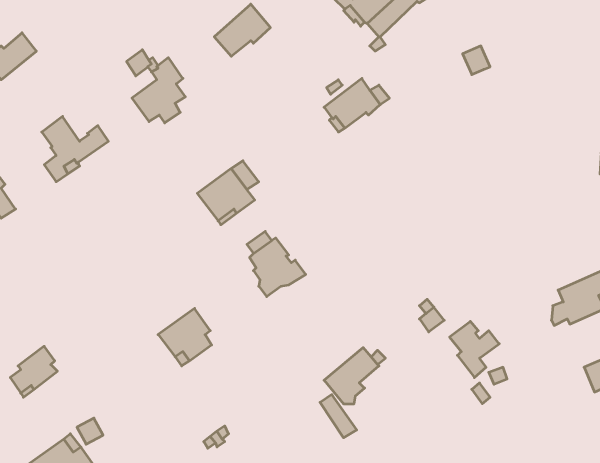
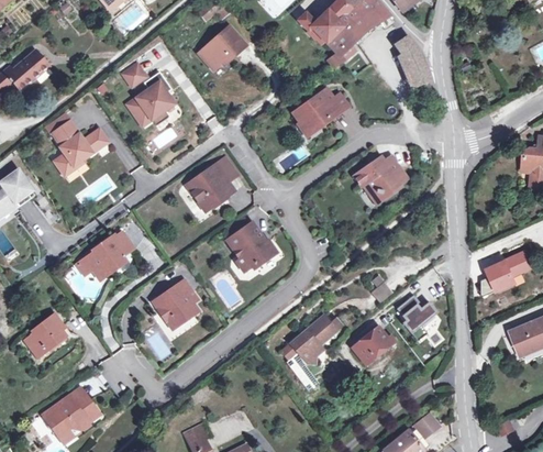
building: none -> [398,35,423,67]
building: none -> [353,154,403,194]
building: none -> [76,232,132,275]
building: none -> [353,324,391,364]

